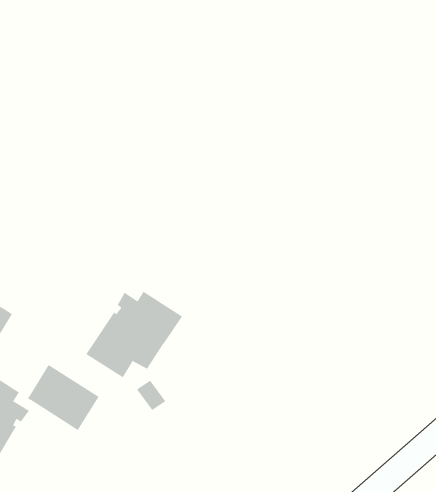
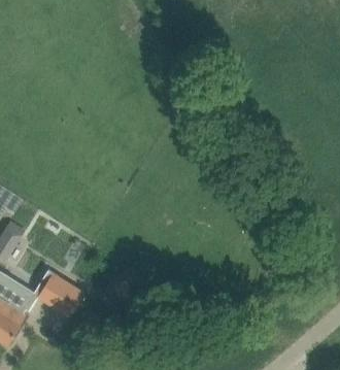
building: [86,291,183,378] -> none

